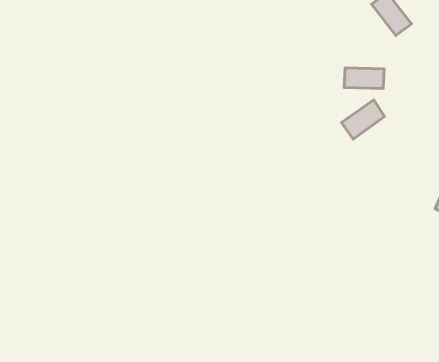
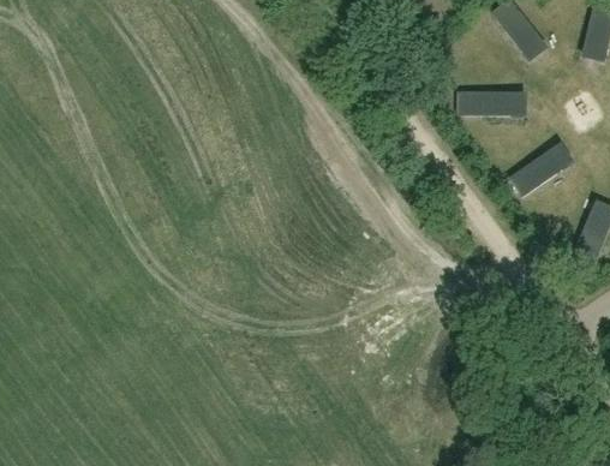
building: [341,100,385,139] -> [510,149,563,197]

